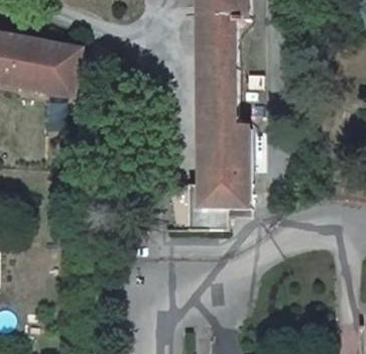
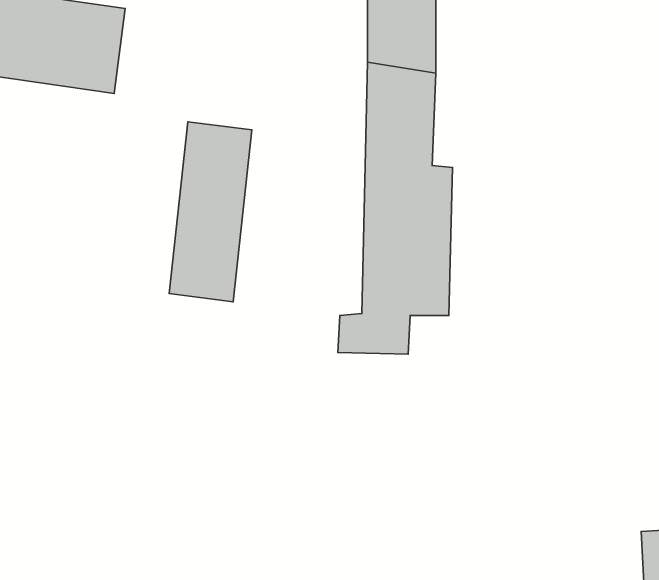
building: none -> [169,122,252,302]

